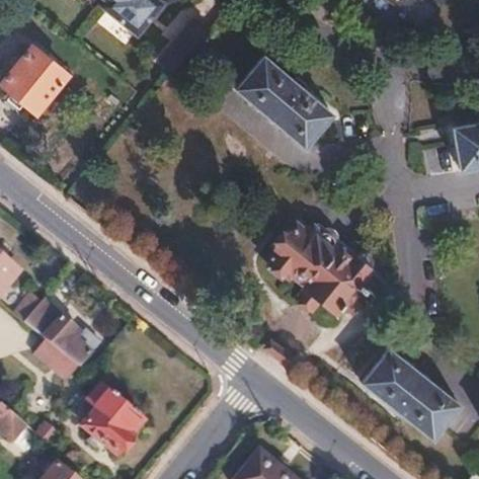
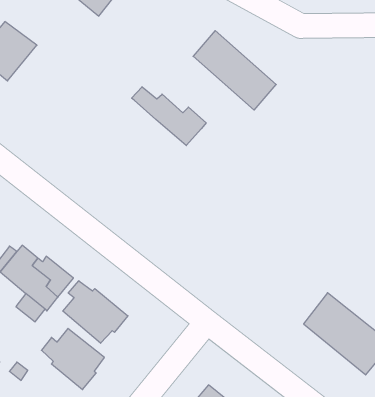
building: none -> [132,87,206,146]
building: [269,223,397,313] -> none
building: none -> [63,281,128,343]

